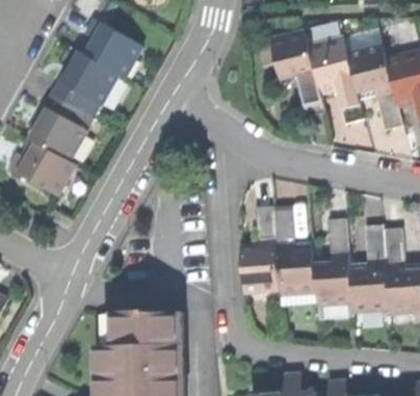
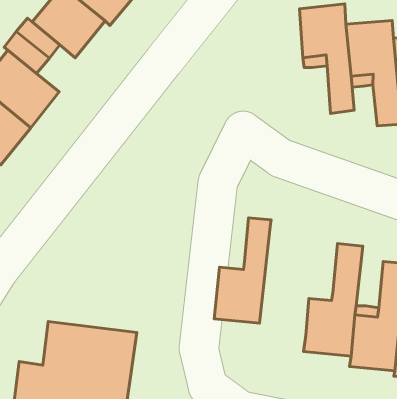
building: [271,209,312,294] -> none

